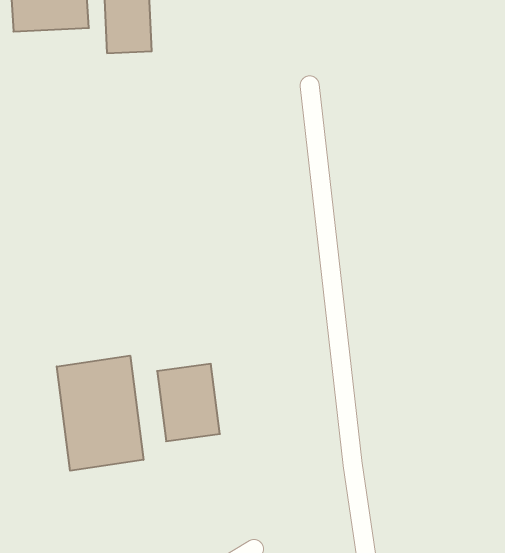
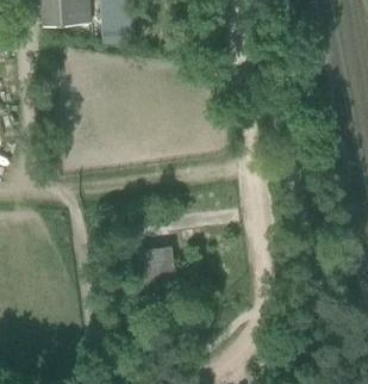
building: [57,356,143,471] -> none

